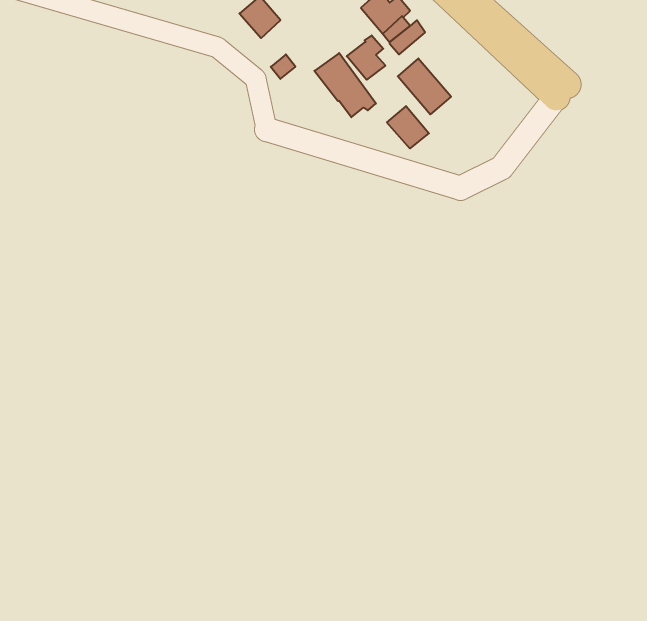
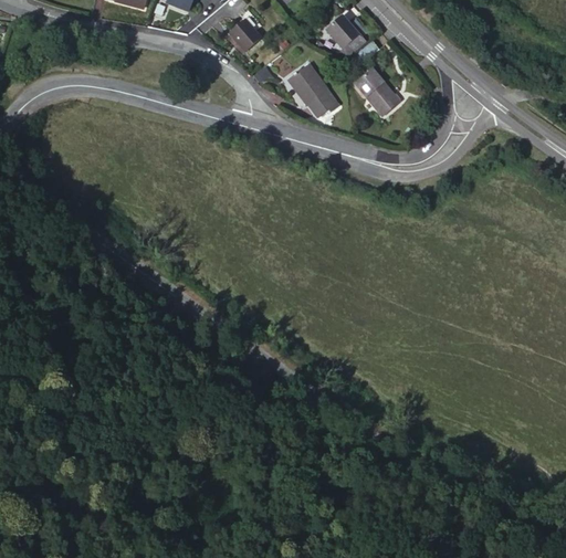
building: [347,35,385,80] -> none
building: [387,106,429,148] -> none

